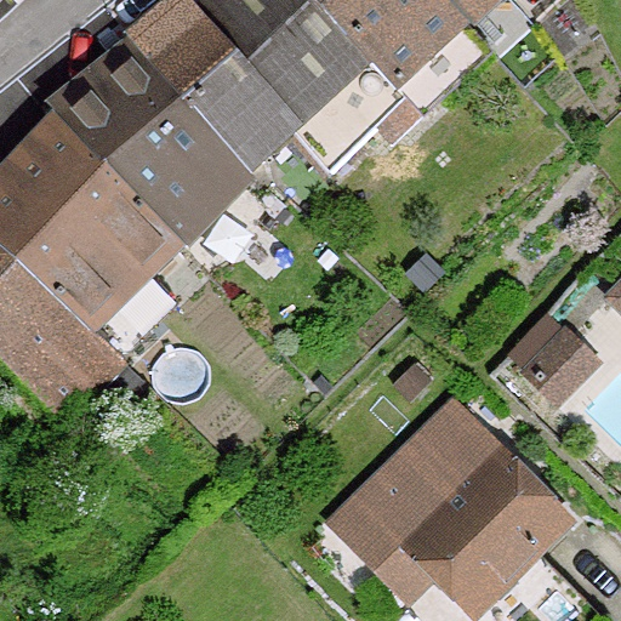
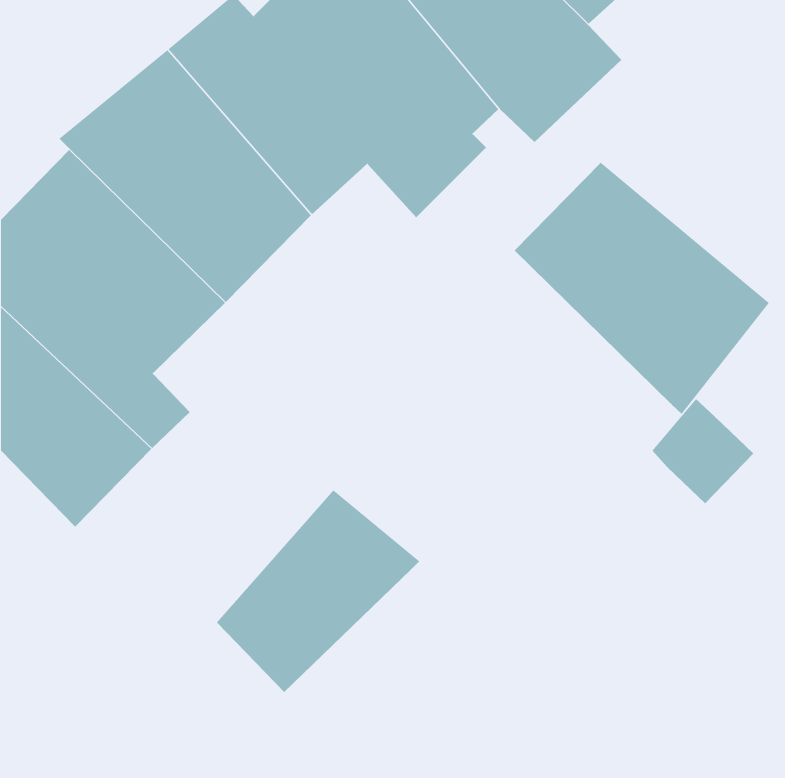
building: none -> [514,162,770,415]
building: none -> [216,489,420,693]
building: [335,426,565,606] -> none

